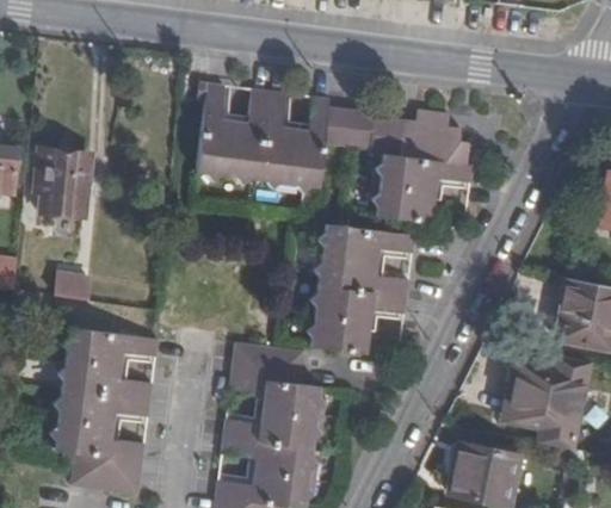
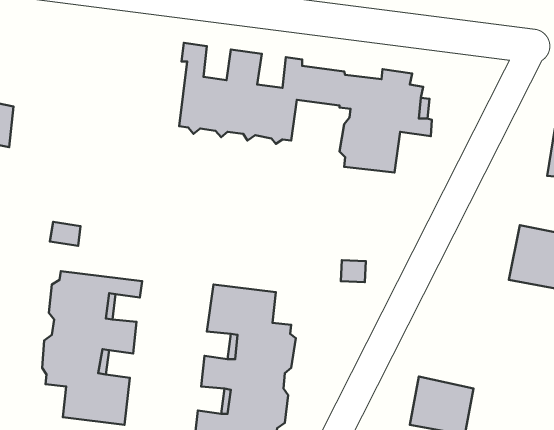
building: [38,151,92,217] -> none
building: [304,224,413,353] -> none
building: [507,355,590,450] -> none

